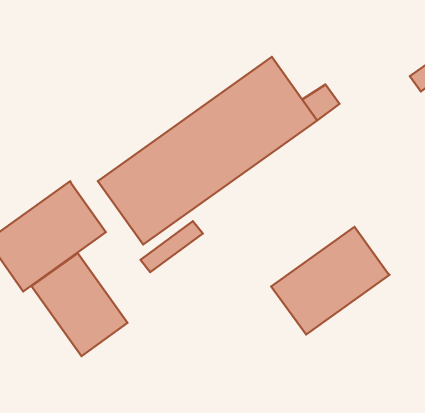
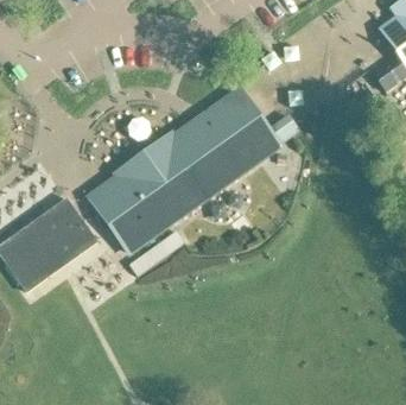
building: [271,227,389,334] -> none
building: [31,253,128,356] -> none

